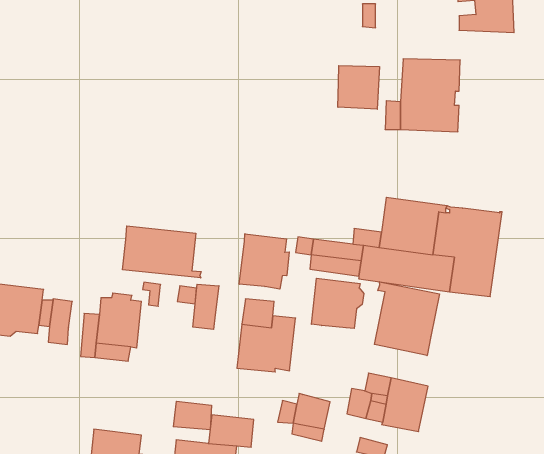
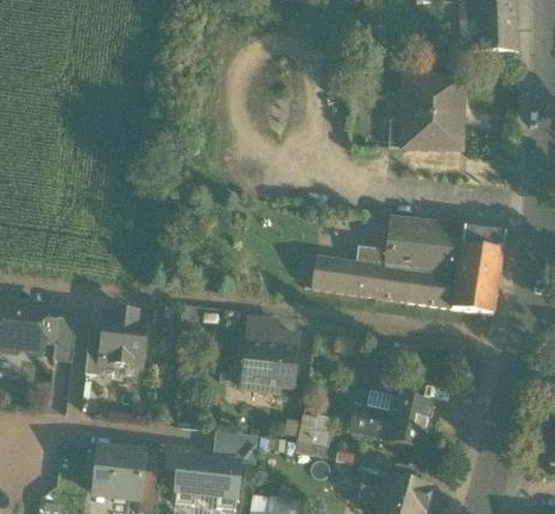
building: [338,66,379,109] -> none
building: [123,226,201,278] -> none
building: [239,234,289,289] -> none
building: [311,278,364,328] -> none
building: [374,282,439,356] -> none
building: [193,284,219,329] -> none
building: [173,401,211,430] -> none

